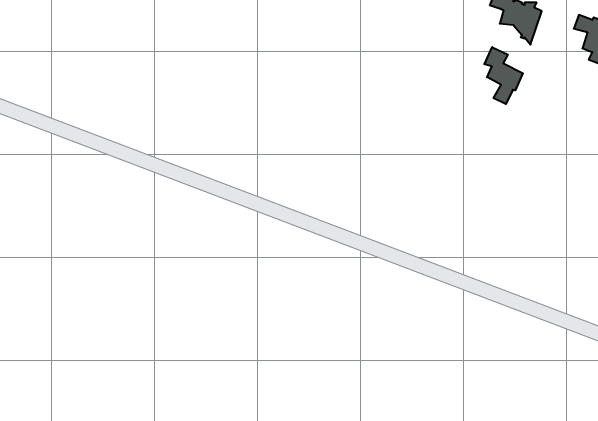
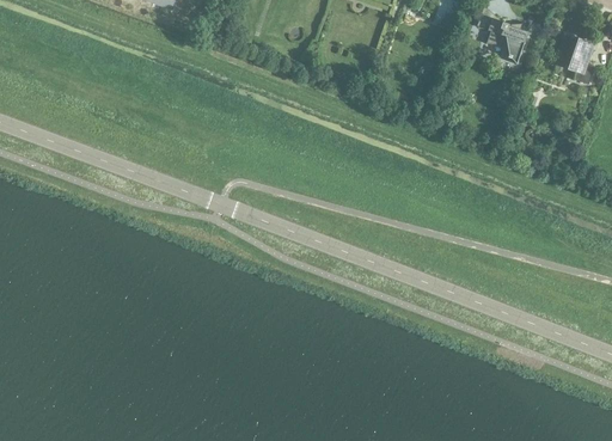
building: [484,47,523,104] -> none

